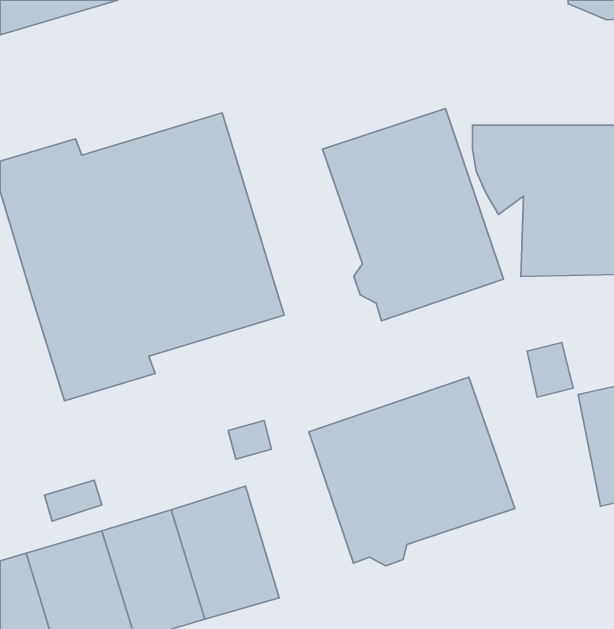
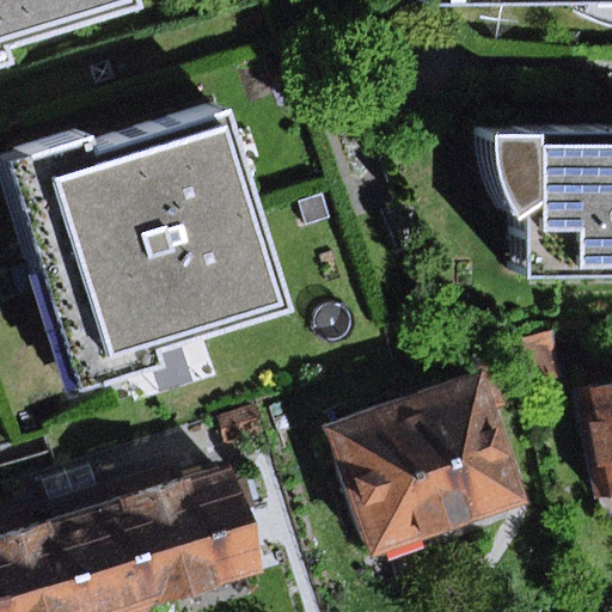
building: [323,108,504,321] -> none

